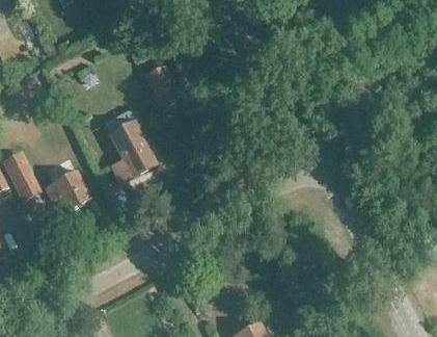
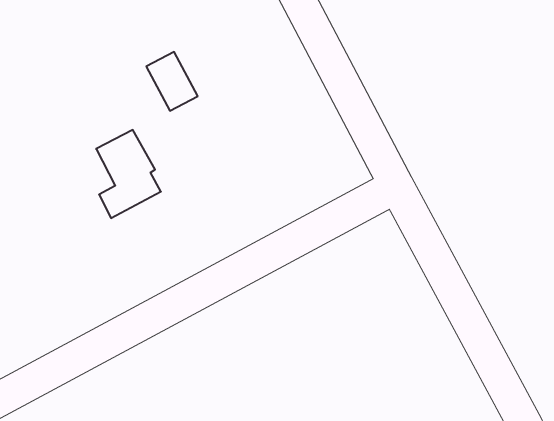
building: [47,172,90,212] -> none

